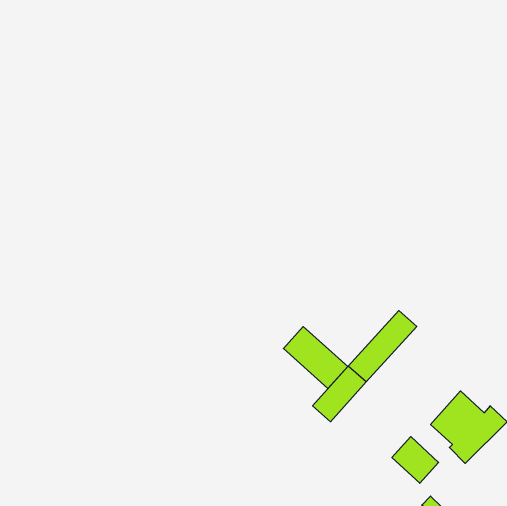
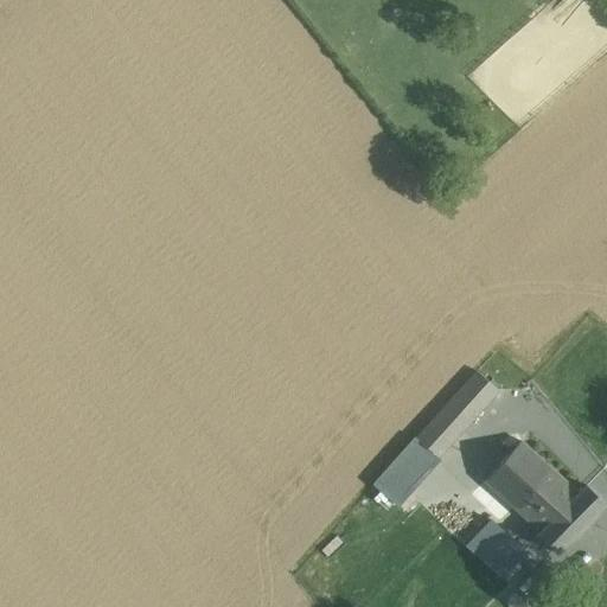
building: [283,327,348,388] -> none
building: none -> [484,442,550,509]

